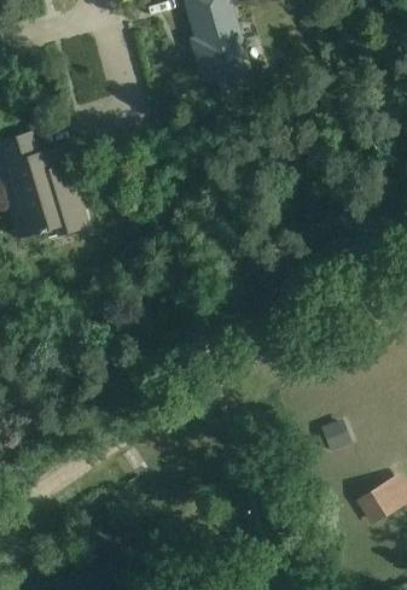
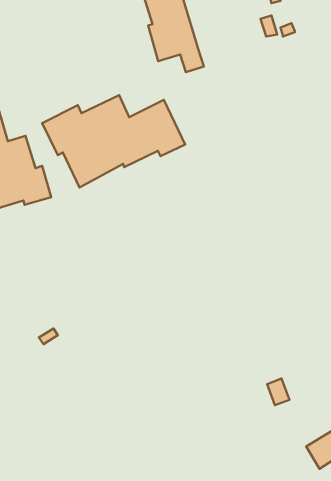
building: none -> [42,95,185,188]

